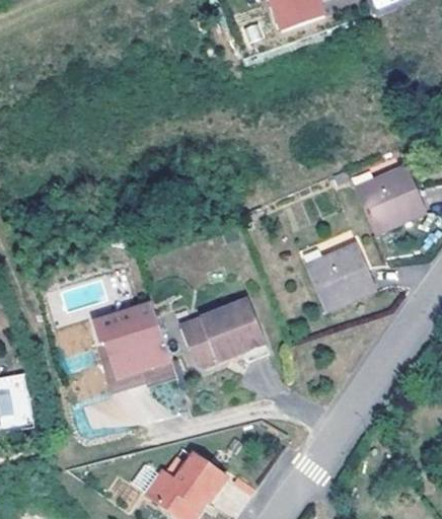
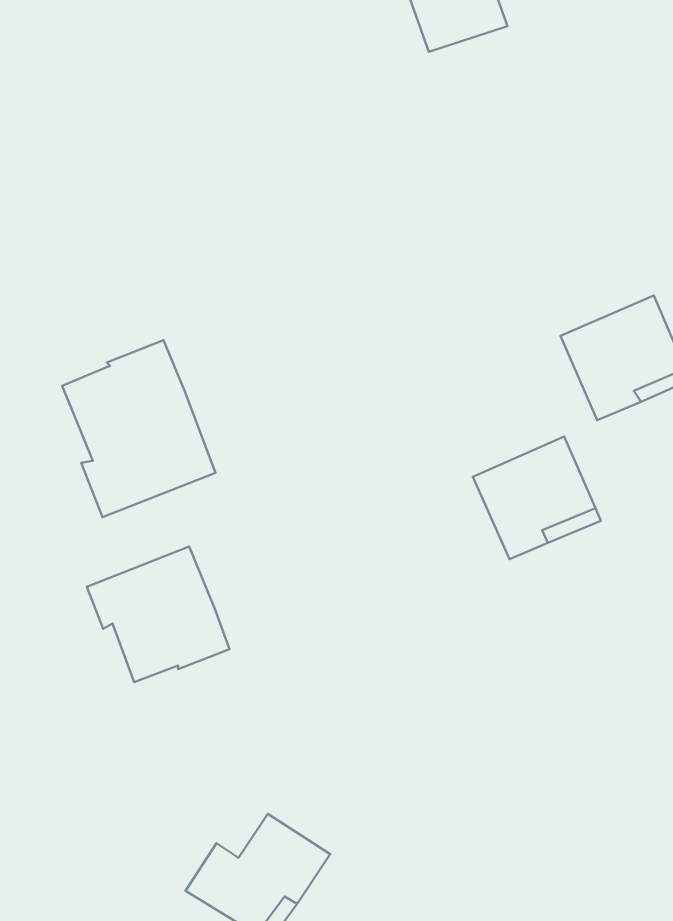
building: none -> [62,340,215,517]
building: [179,296,269,365] -> none

